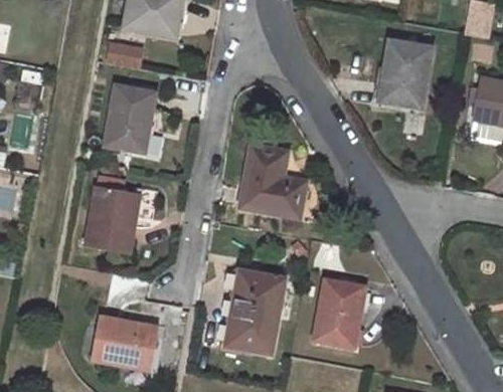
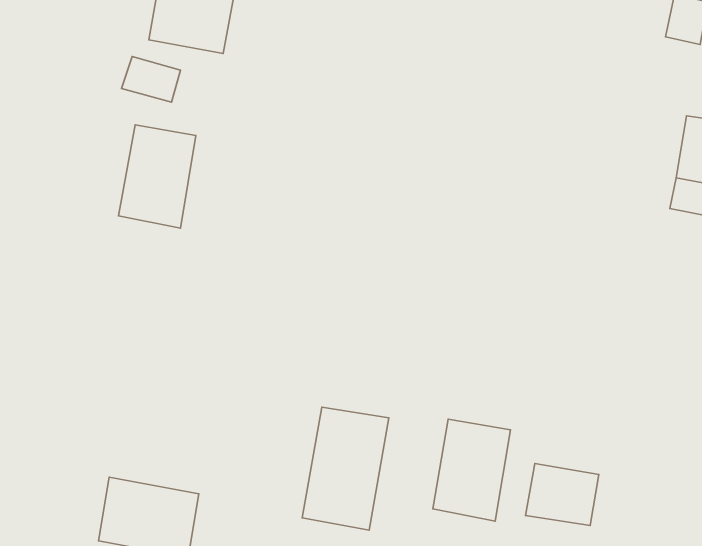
building: [379,41,432,109] -> none
building: [240,146,305,216] -> none
building: [86,185,133,253] -> none
building: none -> [526,463,599,525]

